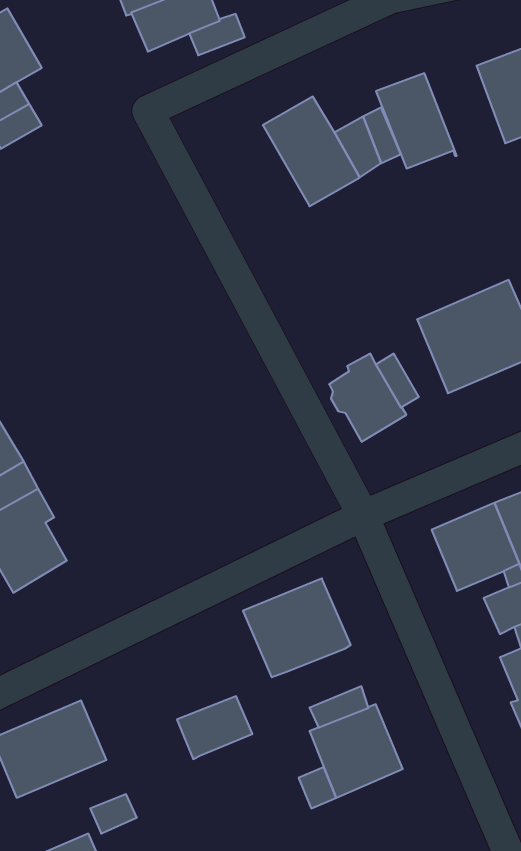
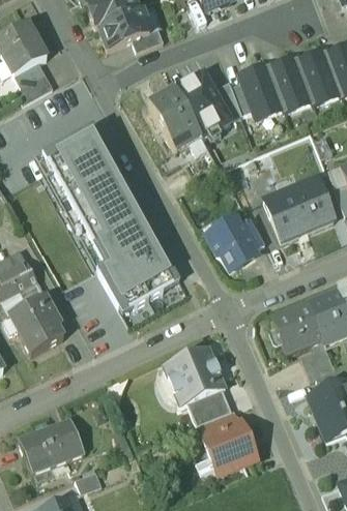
building: none -> [268,51,315,106]
building: none -> [150,88,202,150]
building: none -> [42,127,176,306]
building: [177,696,252,759] -> [189,389,232,425]

